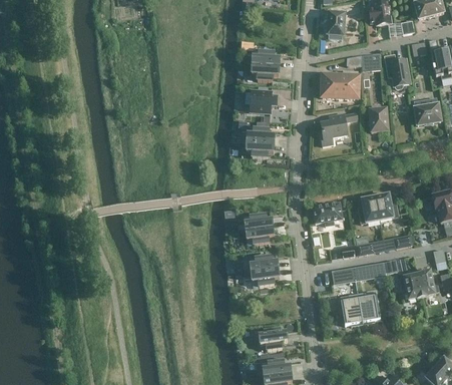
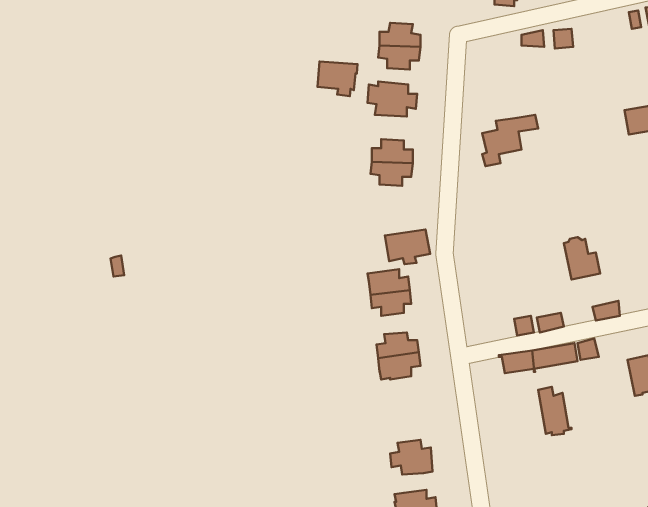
building: [385,54,410,89] -> none
building: [322,71,359,98] -> none
building: none -> [317,61,358,96]
building: [367,108,388,131] -> none
building: [359,196,380,224] -> none
building: [313,203,343,226] -> [385,230,430,264]
building: [400,274,422,300] -> none
building: [343,294,363,327] -> none

